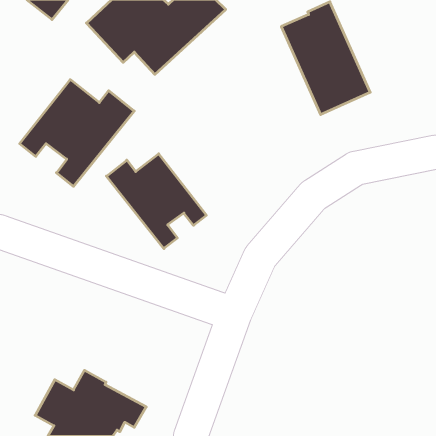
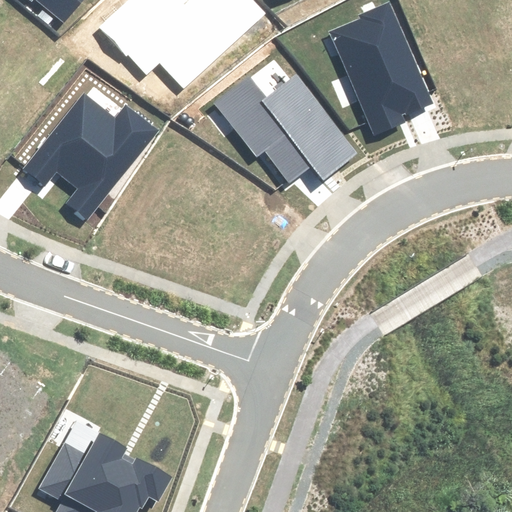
building: none -> [216,75,355,180]
building: [106,154,206,249] -> none

